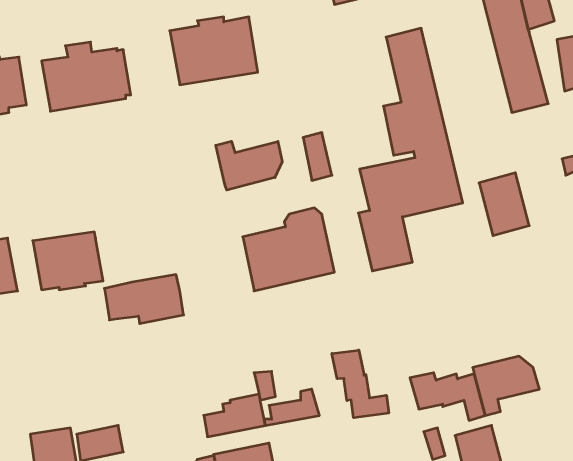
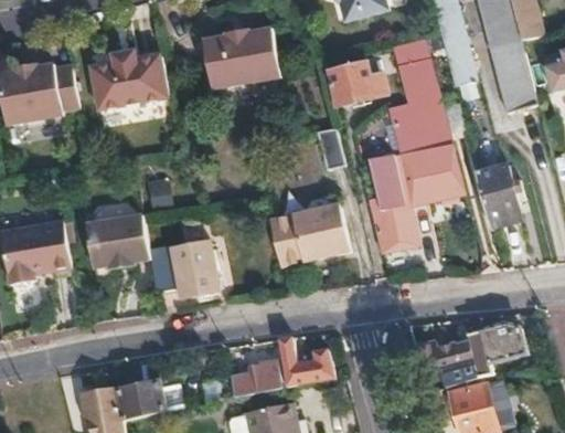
building: none -> [331,63,385,99]
building: [216,141,282,190] -> none
building: [332,350,389,418] -> none

